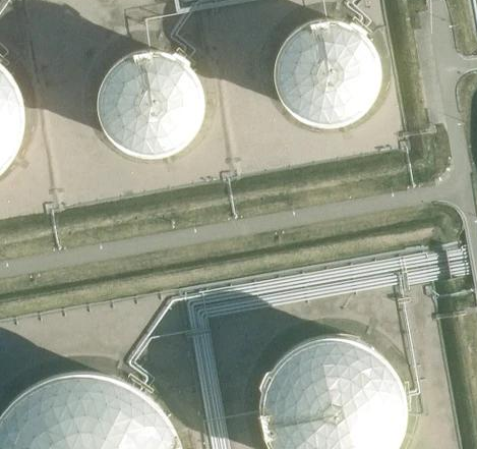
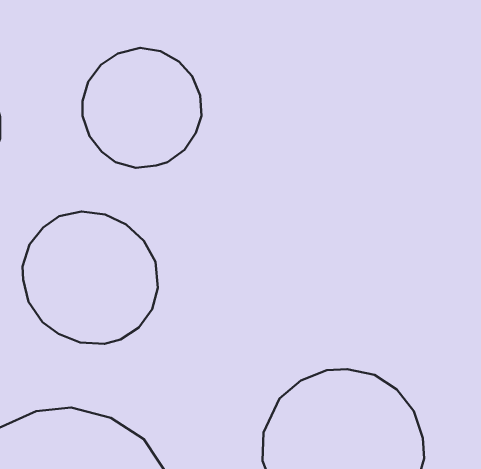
building: [278,20,378,121] -> none
building: none -> [23,212,158,344]

